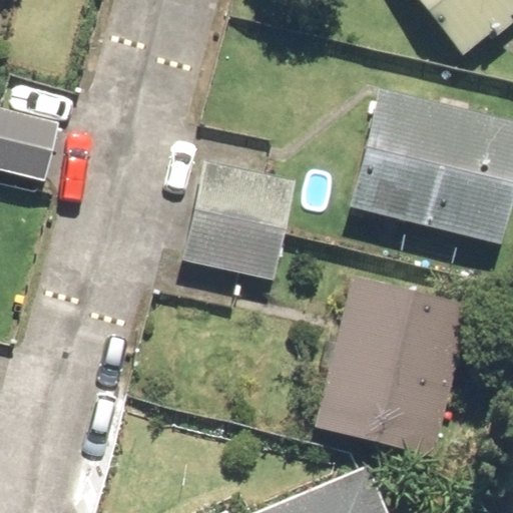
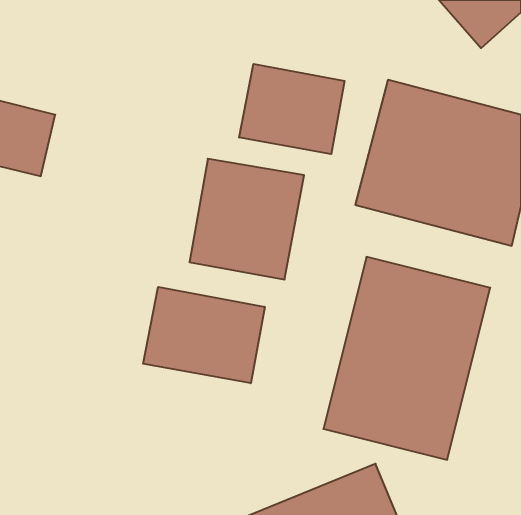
building: none -> [239,64,345,154]
building: none -> [143,287,265,383]

